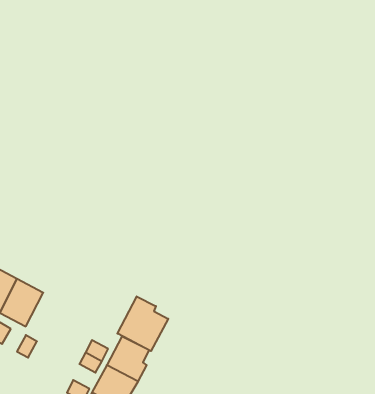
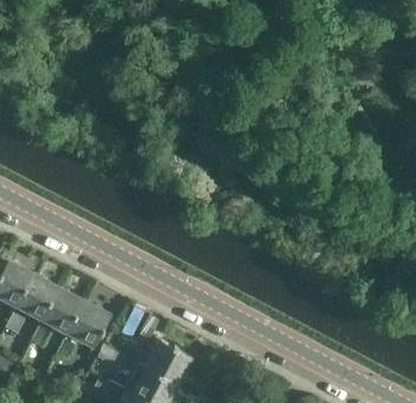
building: none -> [67,301,109,347]
building: [117,296,168,351] -> none

